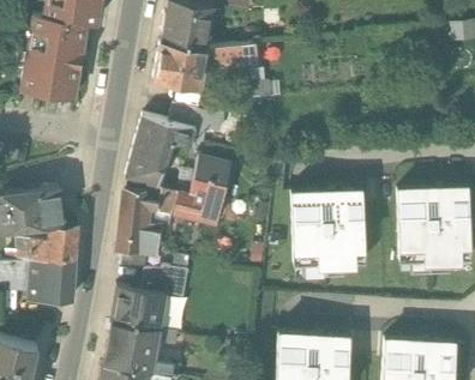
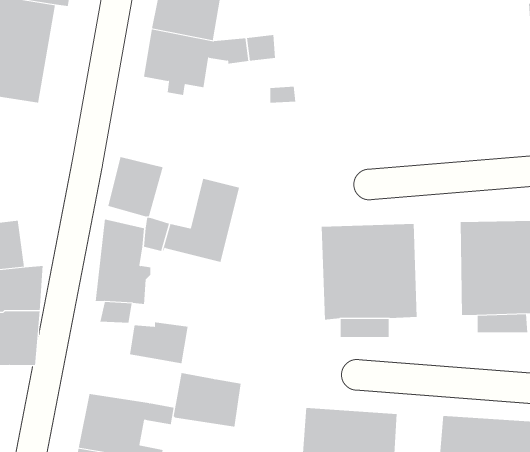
building: [137,99,224,145] -> none
building: [112,285,164,327] -> [173,373,242,427]

